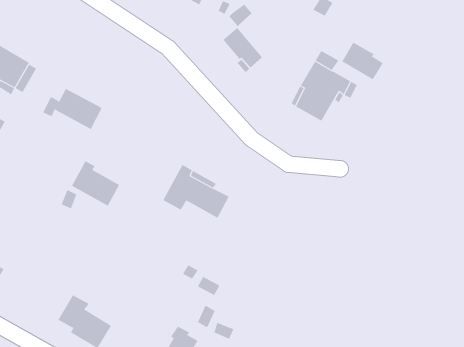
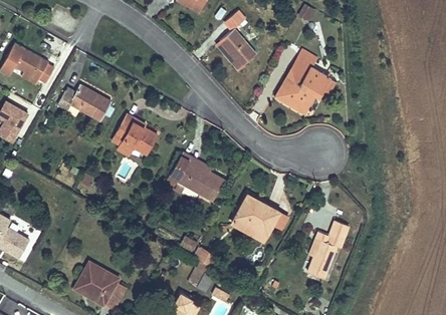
building: [341,42,384,80] -> none
building: [71,161,120,207] -> [117,112,159,152]
building: none -> [231,194,278,239]
building: none -> [307,220,349,278]

